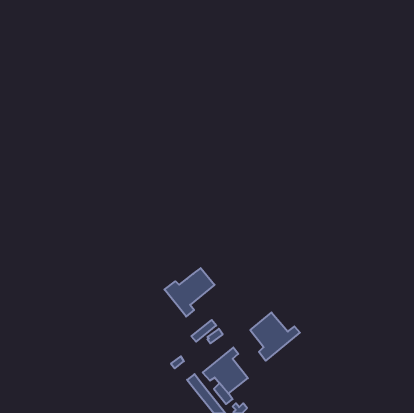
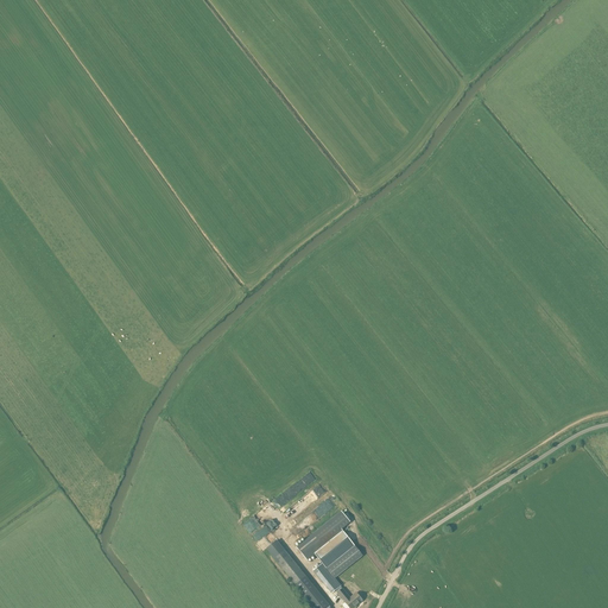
building: [164,268,215,317] -> none
building: [250,312,300,361] -> none

